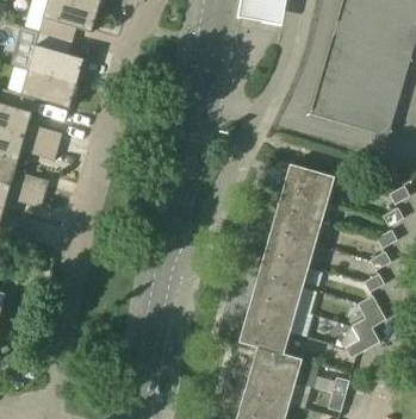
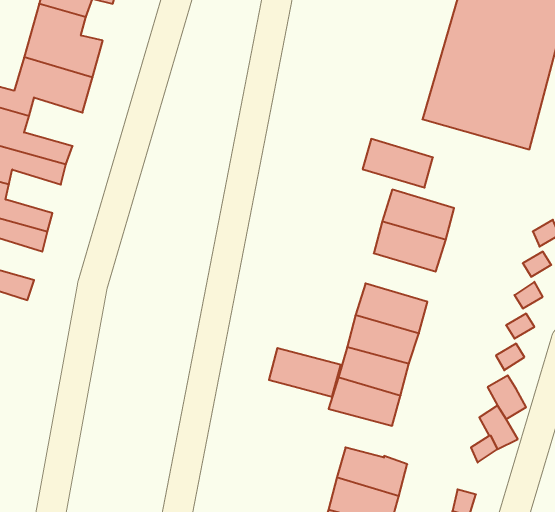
building: [271,208,321,243] -> [363,139,433,188]
building: [238,319,290,354] -> [269,348,341,397]

